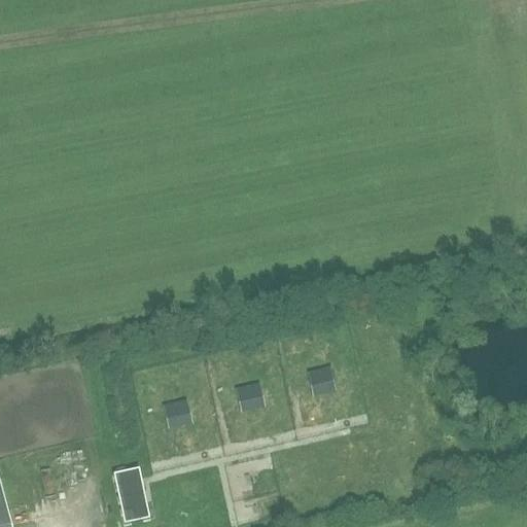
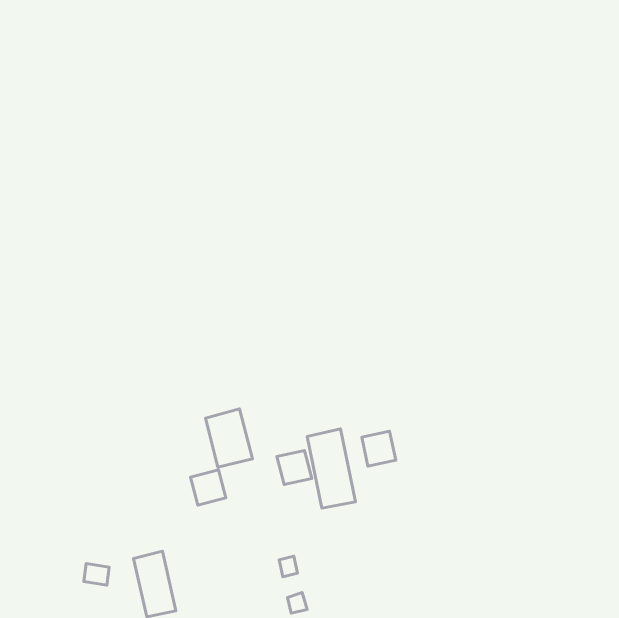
building: none -> [205,409,252,467]
building: none -> [307,429,356,508]

